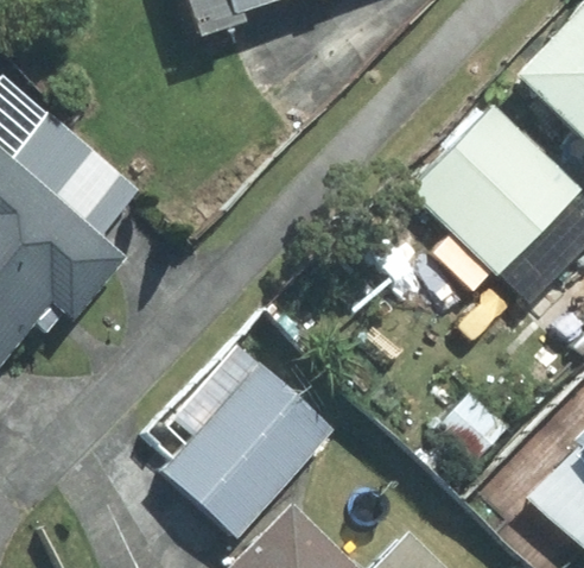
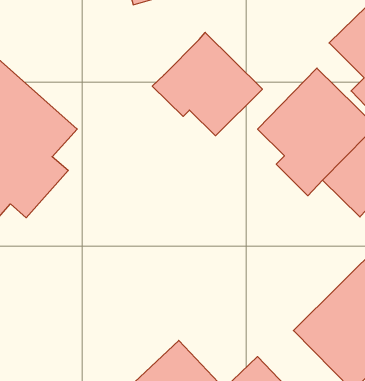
building: none -> [152,32,262,136]
building: [163,360,338,541] -> none

